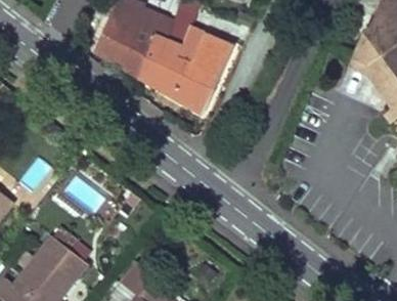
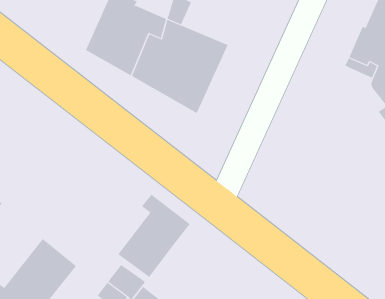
building: none -> [118,194,191,278]

